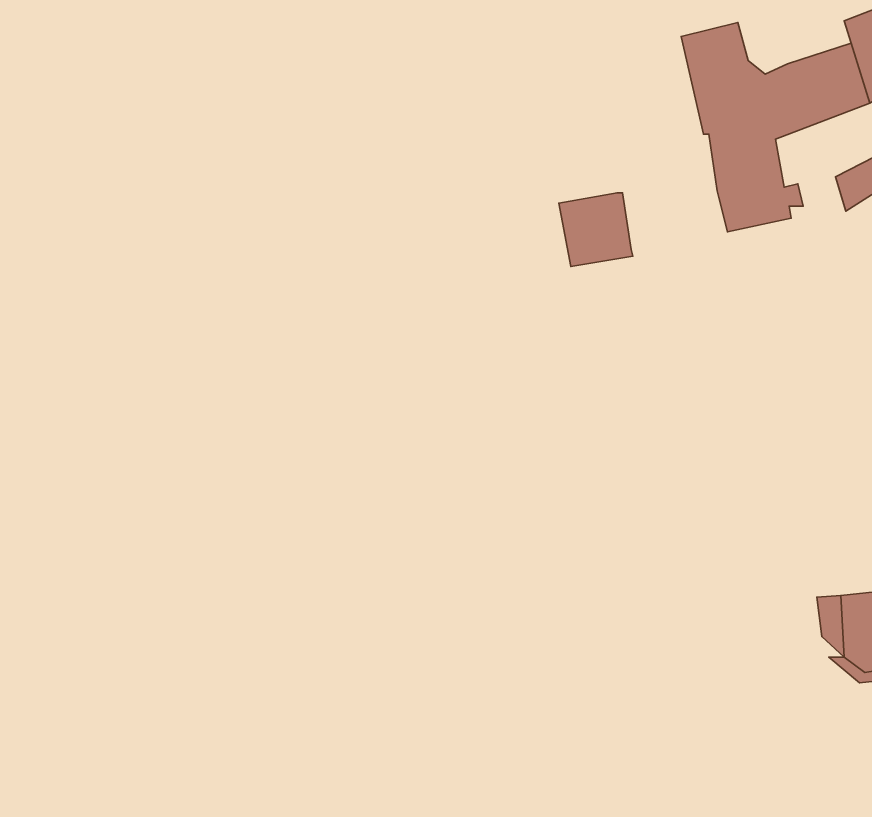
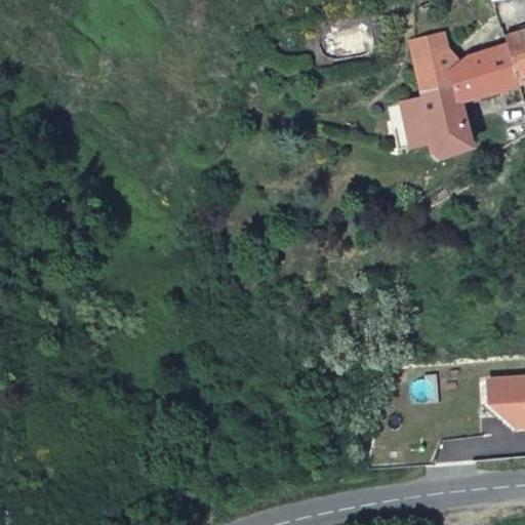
building: [559,193,633,267] -> [388,99,432,144]

